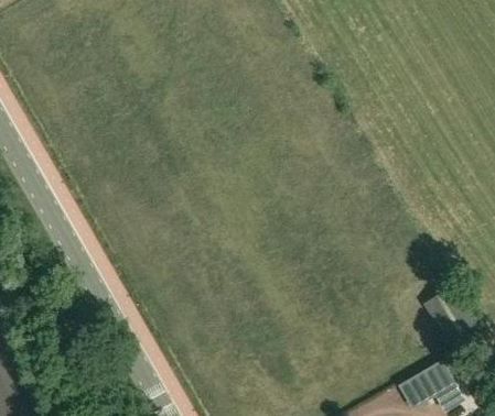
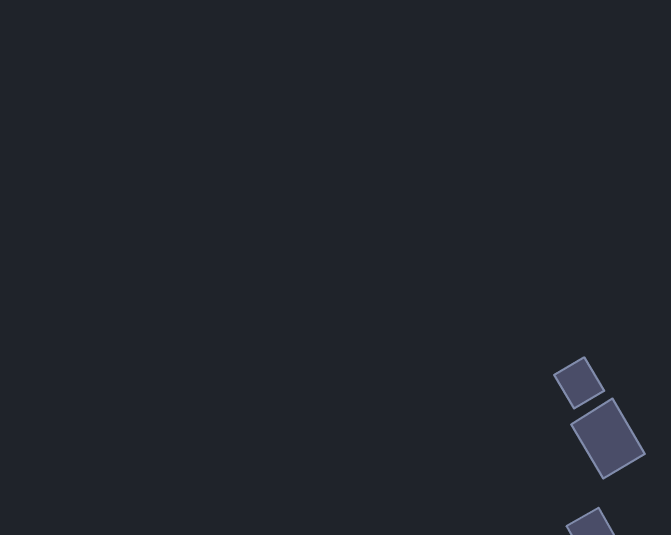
building: none -> [554,357,604,409]

